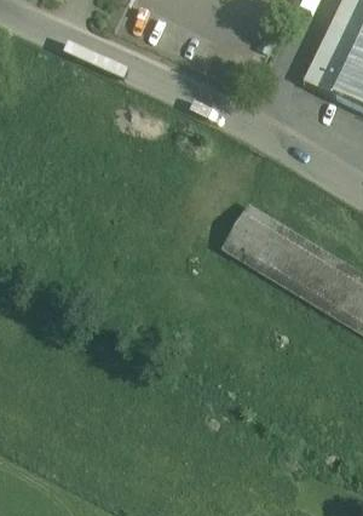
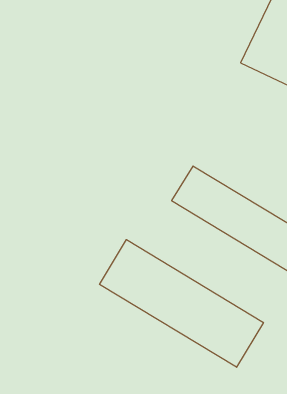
building: none -> [100,240,263,367]

